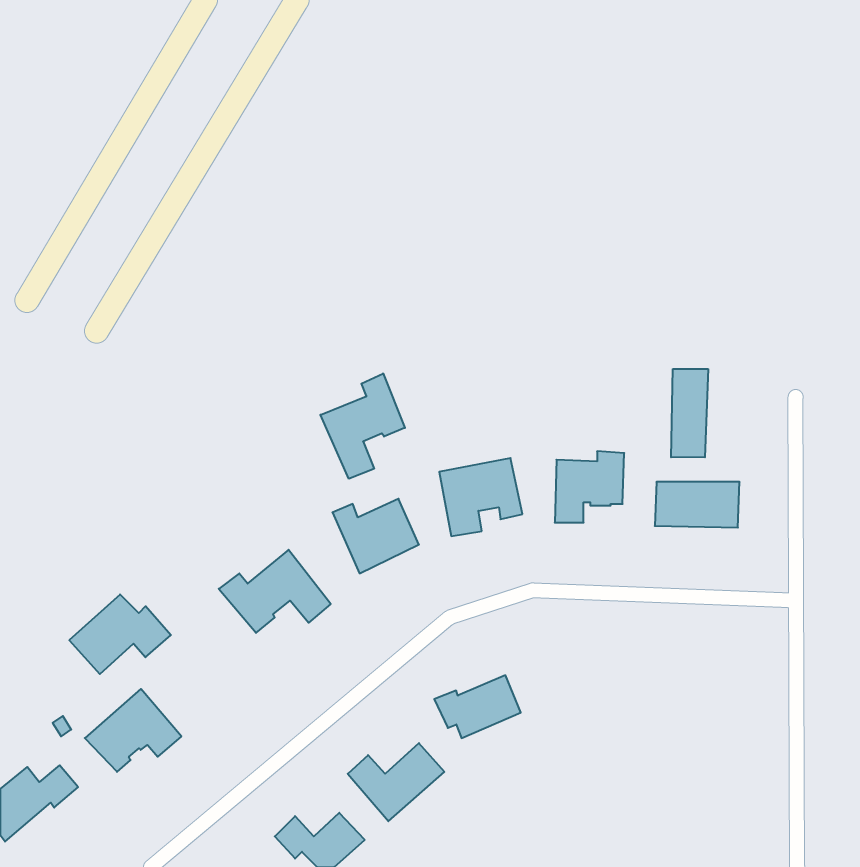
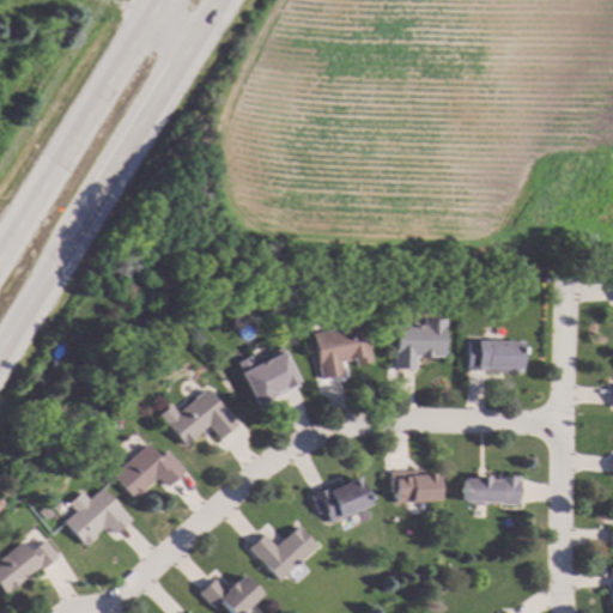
building: [671,369,708,457] -> none
building: [320,373,405,479] -> none
building: [69,594,171,674] -> [114,442,186,498]
building: none -> [390,469,442,502]
building: none -> [463,475,523,505]

